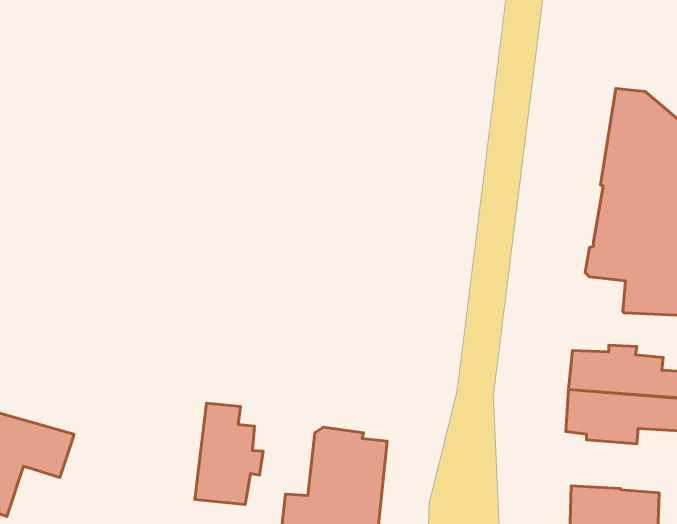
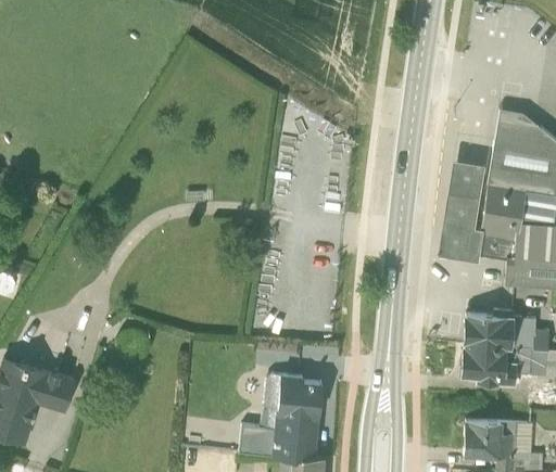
building: none -> [438,157,486,261]
building: [195,403,263,505] -> none

